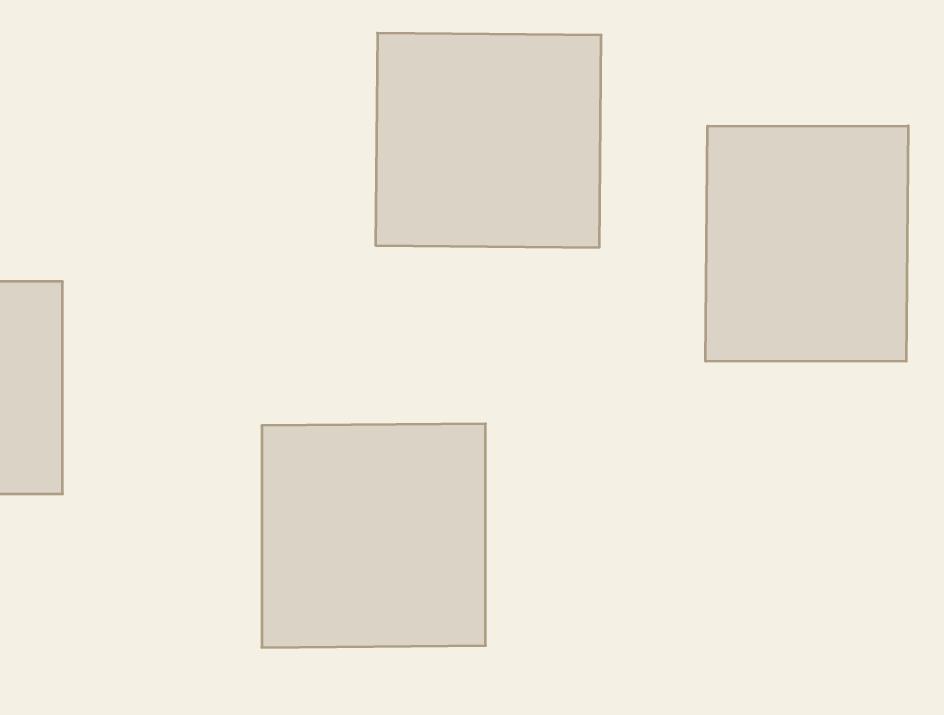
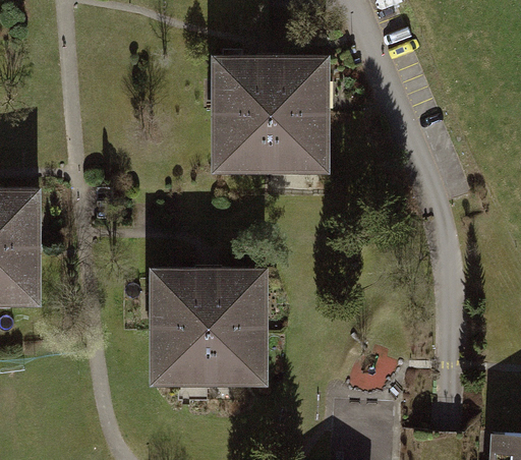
building: [706,126,908,361] -> none

